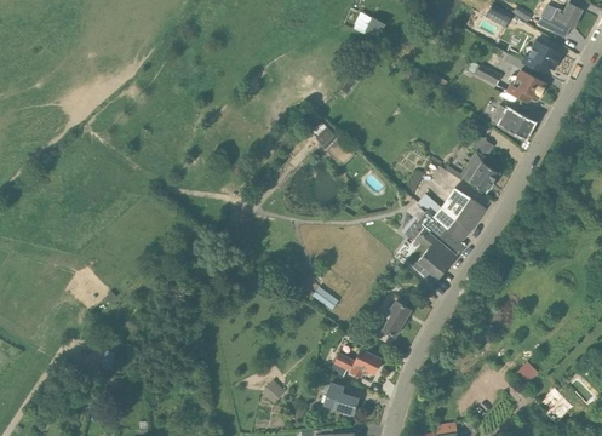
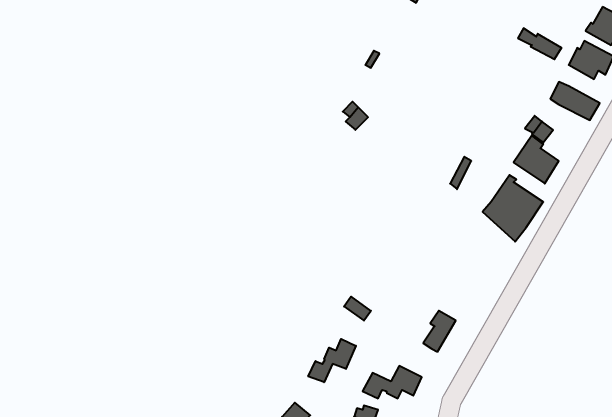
building: [394,207,465,285] -> none
building: none -> [308,339,356,382]

